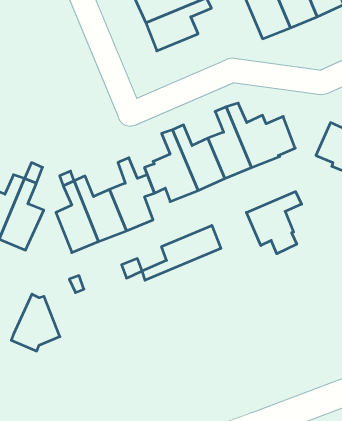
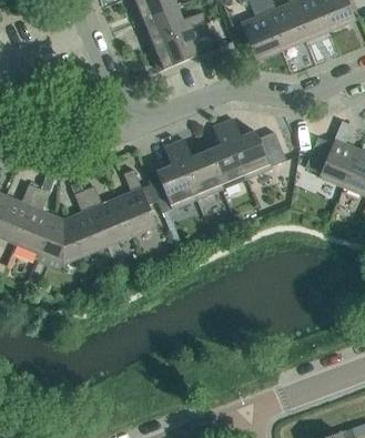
building: [246,192,302,254] -> none
building: [142,225,221,280] -> none
building: [11,294,60,351] -> [38,216,82,268]

